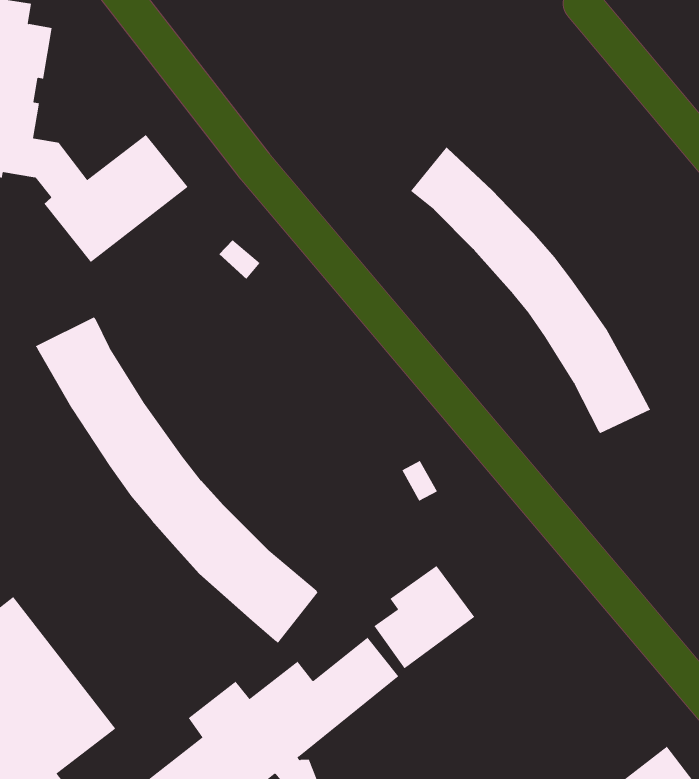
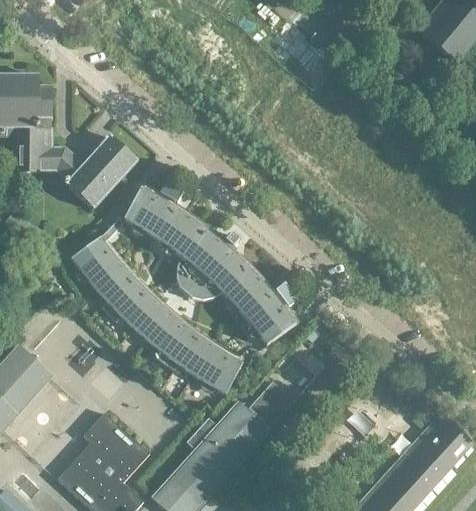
building: [410,146,651,434] -> none
building: none -> [124,188,296,345]

